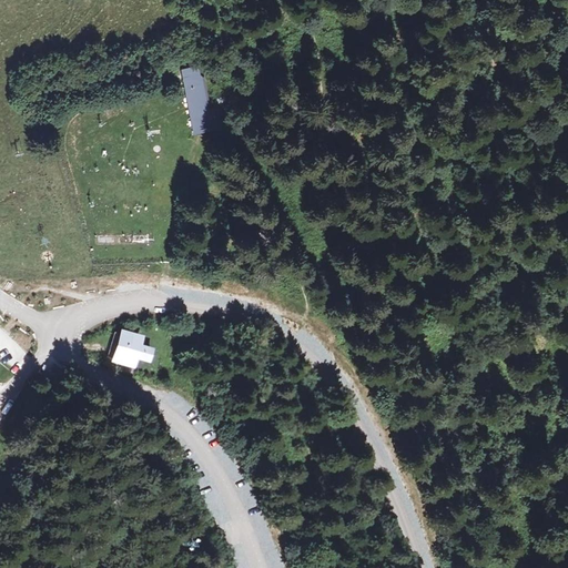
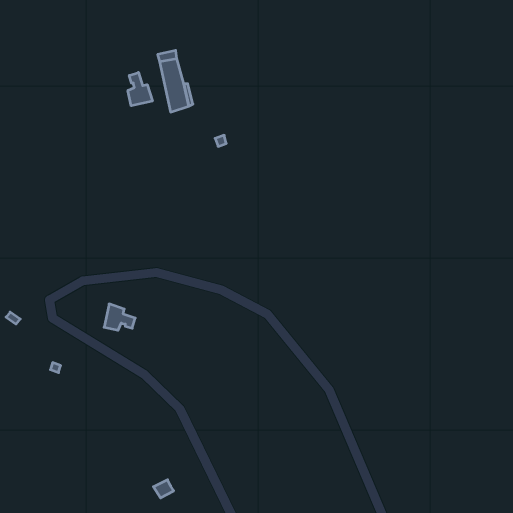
building: none -> [128,72,152,106]

